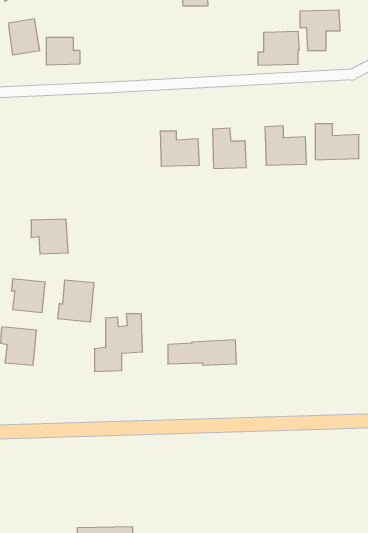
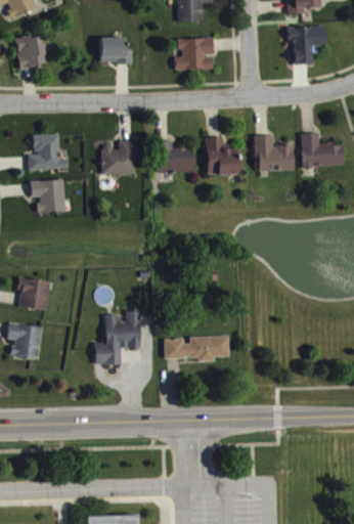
building: [258,31,299,65] -> [174,38,213,70]
building: [46,38,80,65] -> [99,38,131,63]
building: none -> [28,134,68,170]
building: none -> [101,140,136,174]
building: [31,219,68,254] -> [30,180,64,213]
building: [58,280,94,322] -> none

